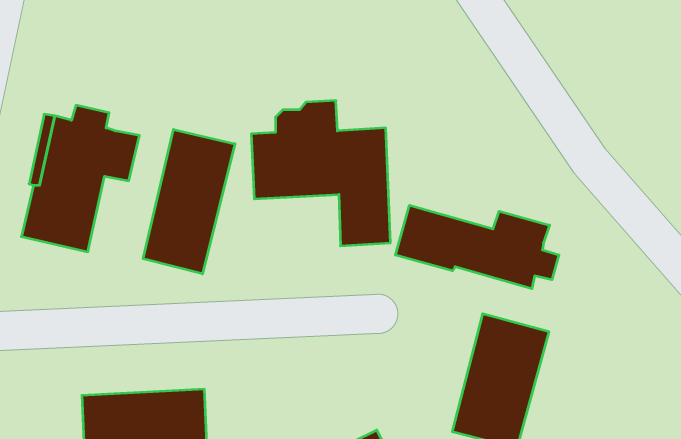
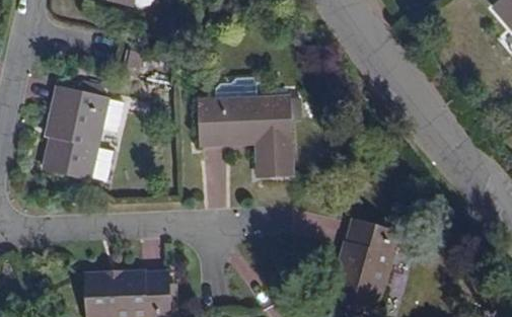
building: [143,129,235,274] -> none
building: [395,205,559,289] -> none

